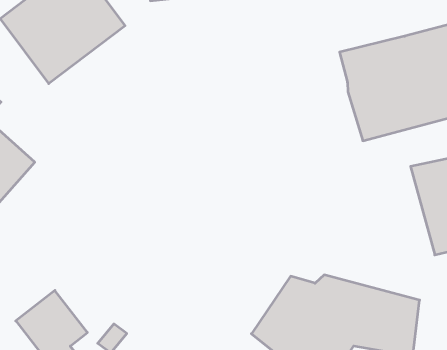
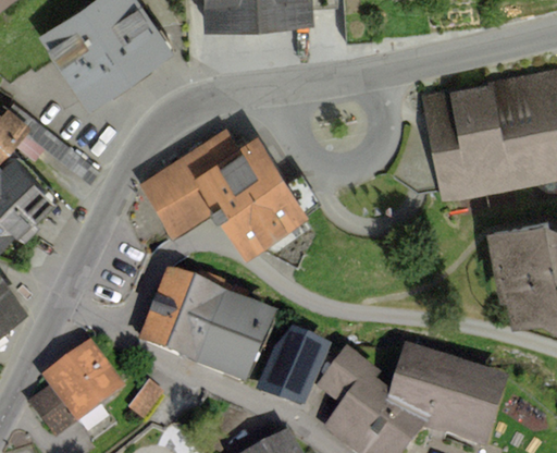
building: none -> [139,126,297,255]
building: none -> [133,277,262,388]
building: none -> [256,335,319,411]

